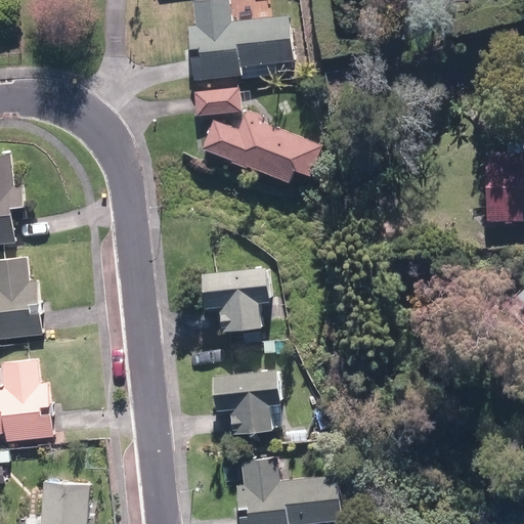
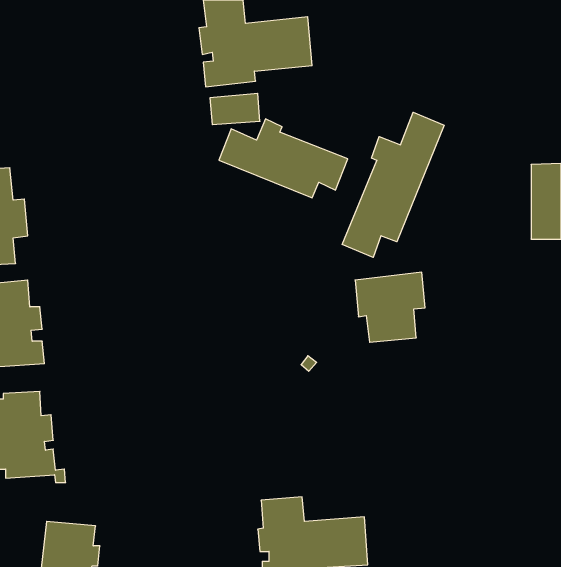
building: none -> [342,112,444,257]
building: [207,267,271,332] -> [355,272,425,342]
building: [217,369,283,434] -> none

